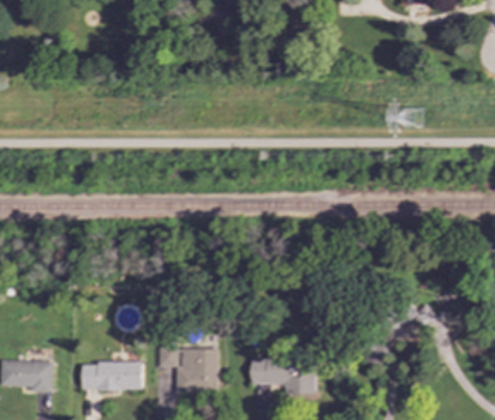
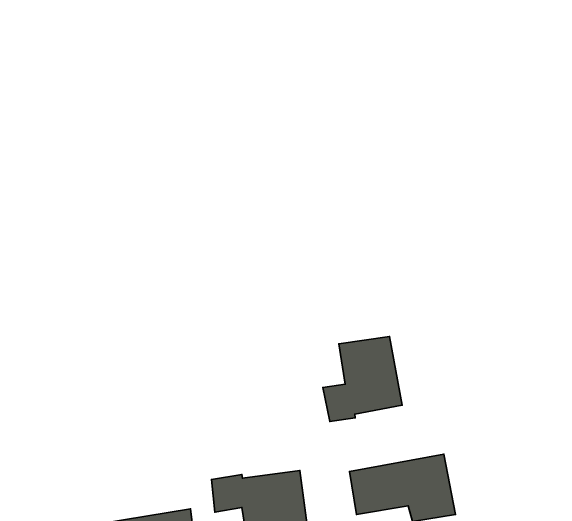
building: none -> [323,336,402,422]

